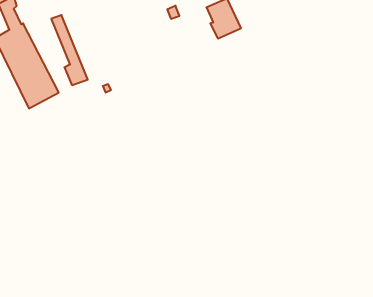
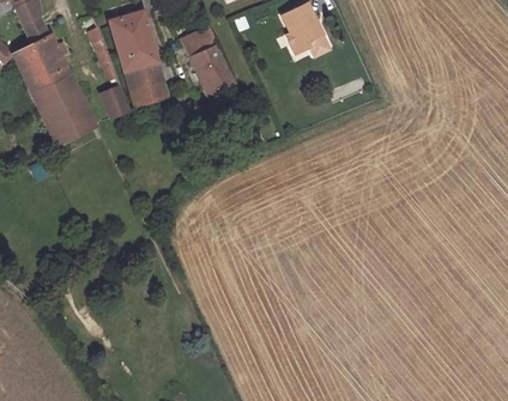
building: none -> [108,12,167,107]
building: none -> [185,28,234,93]

